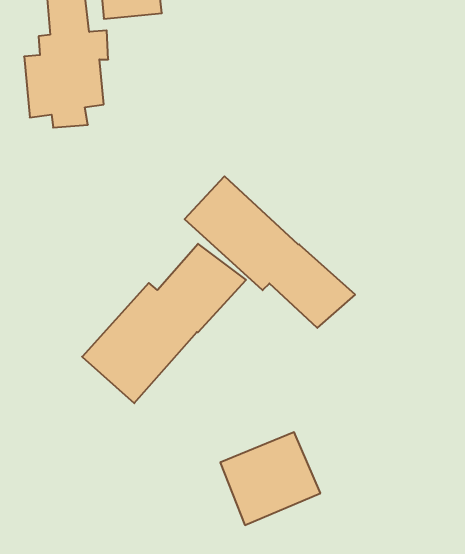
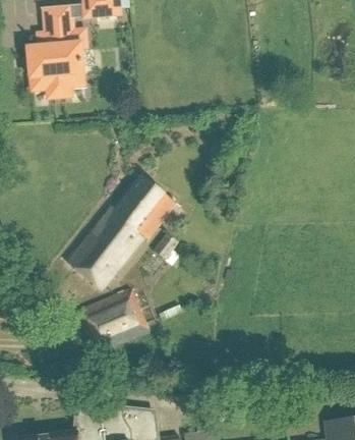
building: [185,176,355,328] -> none
building: [220,432,320,525] -> [77,287,147,352]

